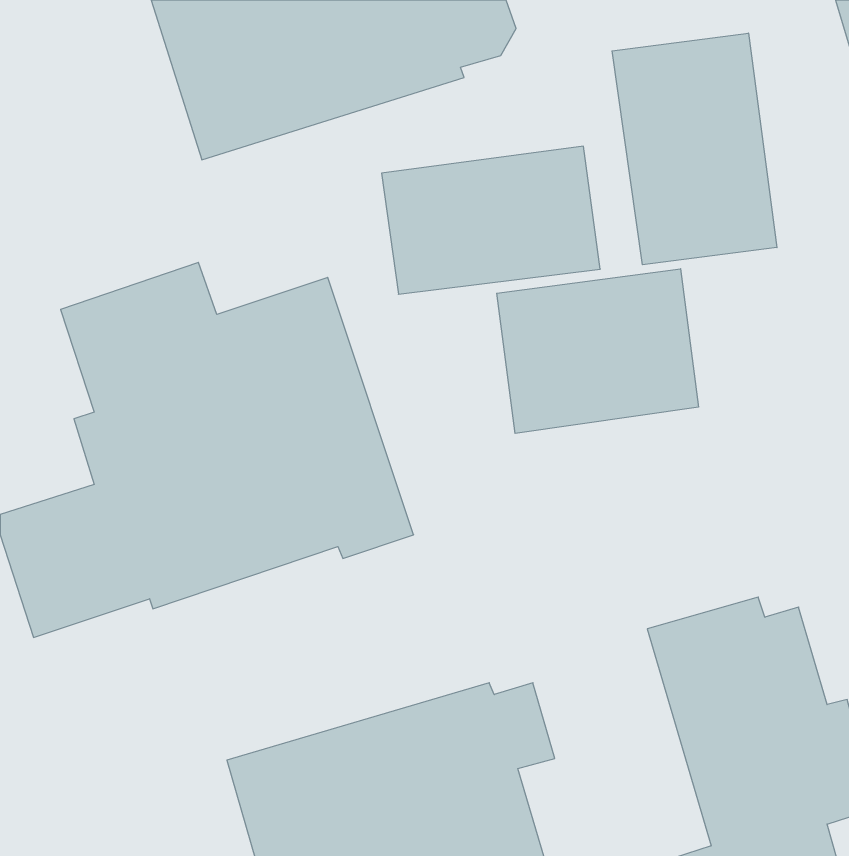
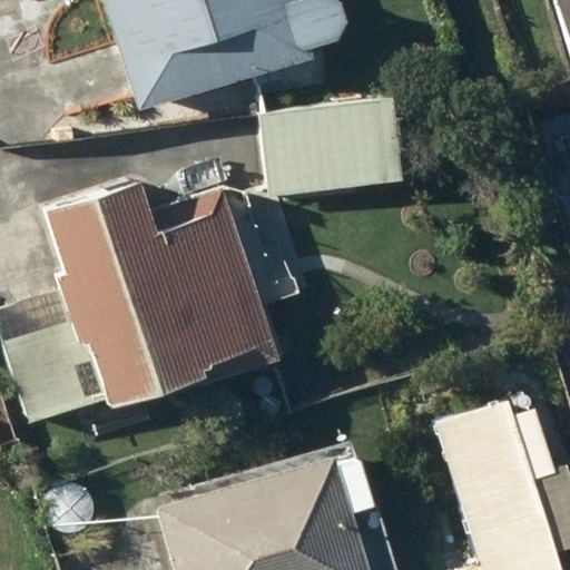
building: [612,33,777,265] -> none
building: [497,269,698,433] -> none

